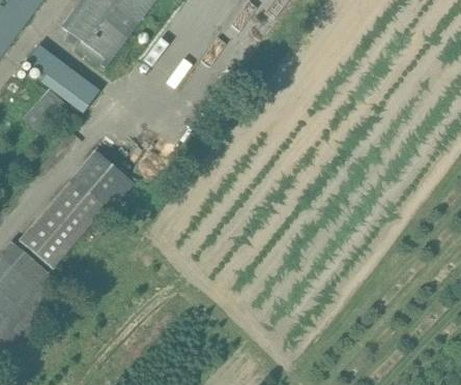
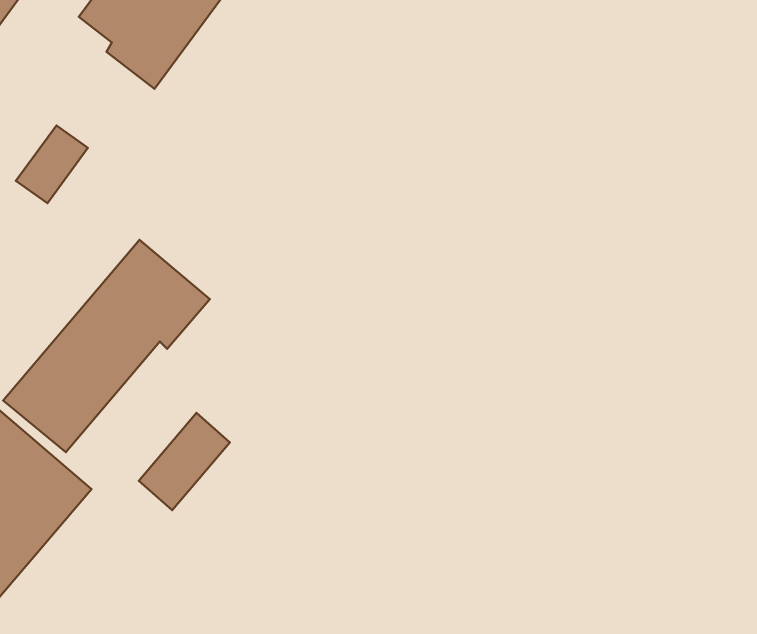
building: [27,48,108,110] -> none
building: none -> [139,413,230,510]

